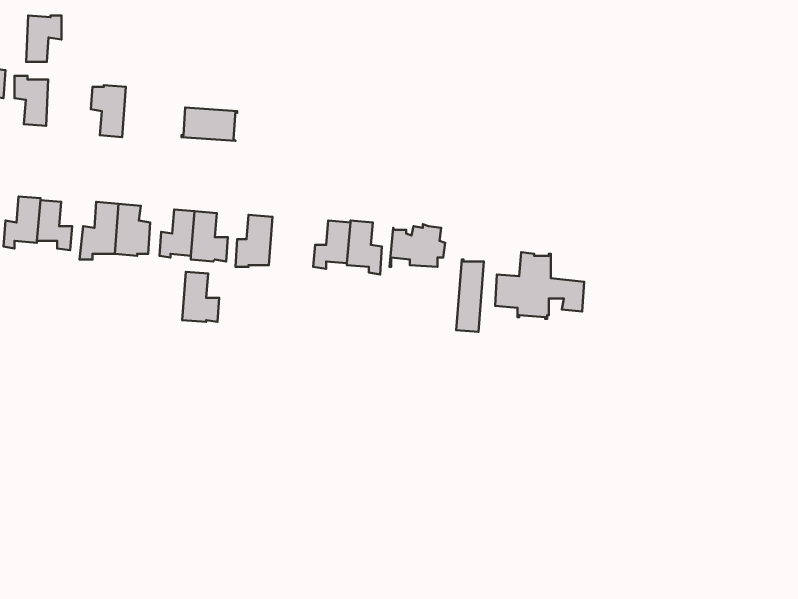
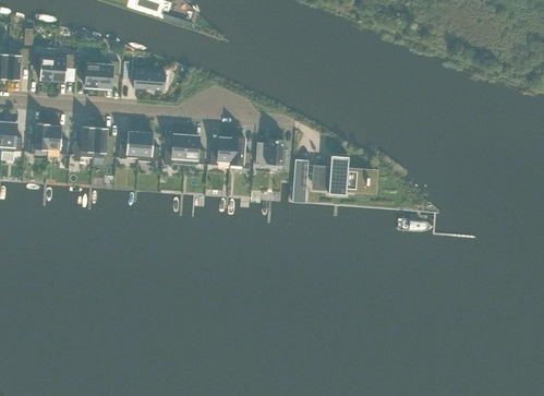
building: [26,15,62,62] -> [51,53,72,81]
building: none -> [96,58,118,88]
building: [182,272,219,322] -> [182,134,204,164]

